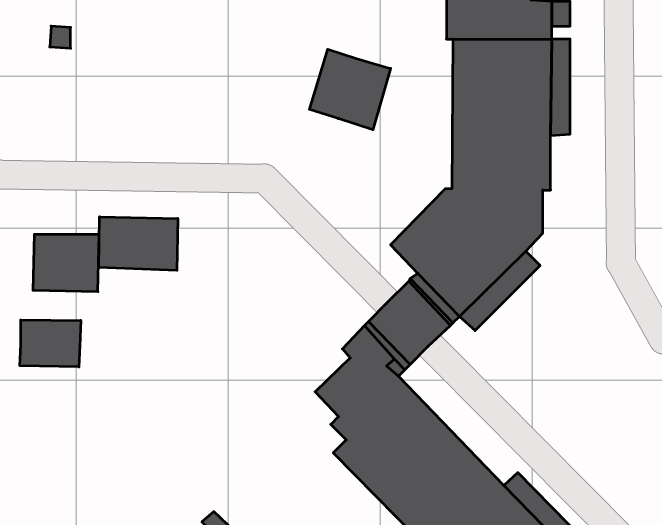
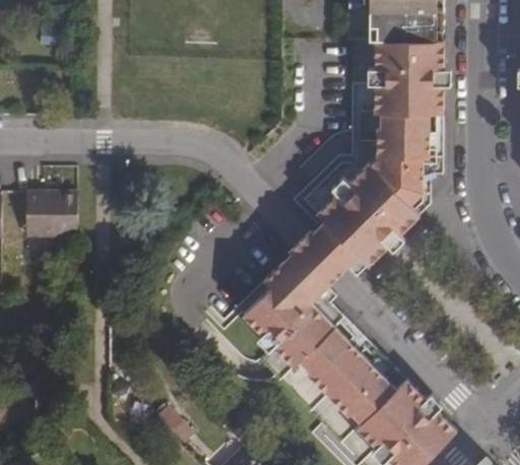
building: [309,49,391,130] -> none
building: [99,217,178,270] -> none
building: [20,320,81,367] -> none

